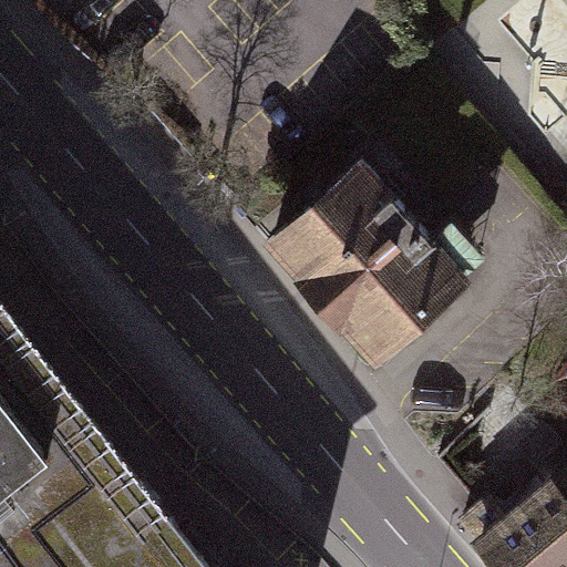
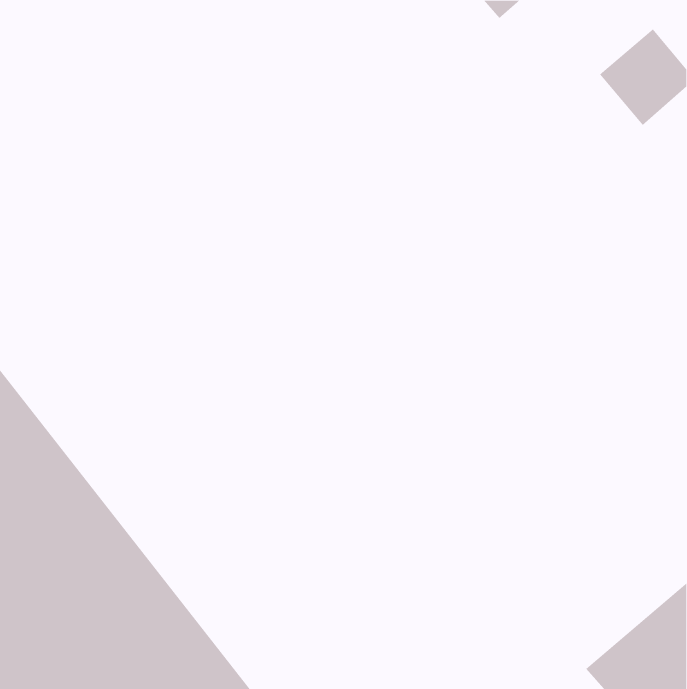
building: [268,169,462,367] -> none

